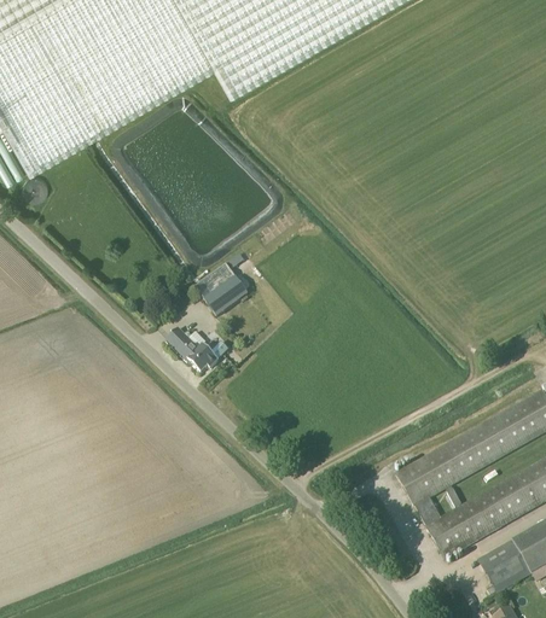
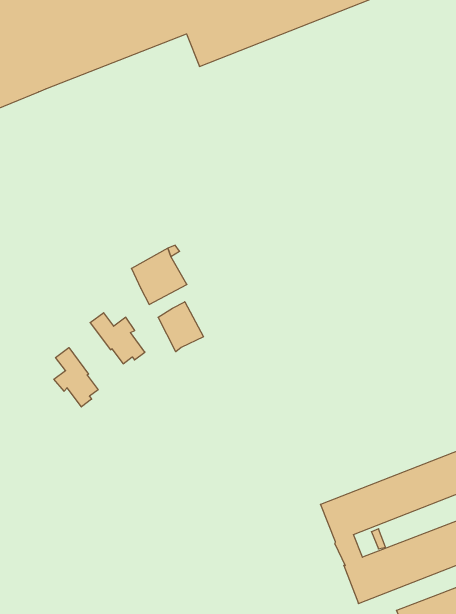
building: none -> [158,302,203,352]
building: none -> [54,348,98,407]

